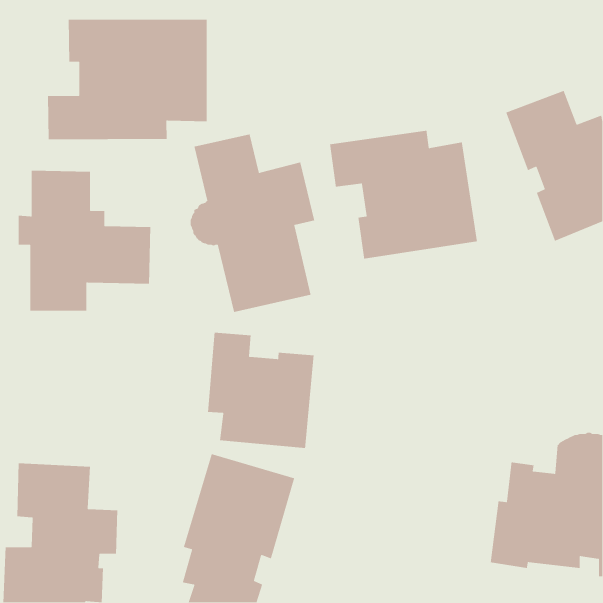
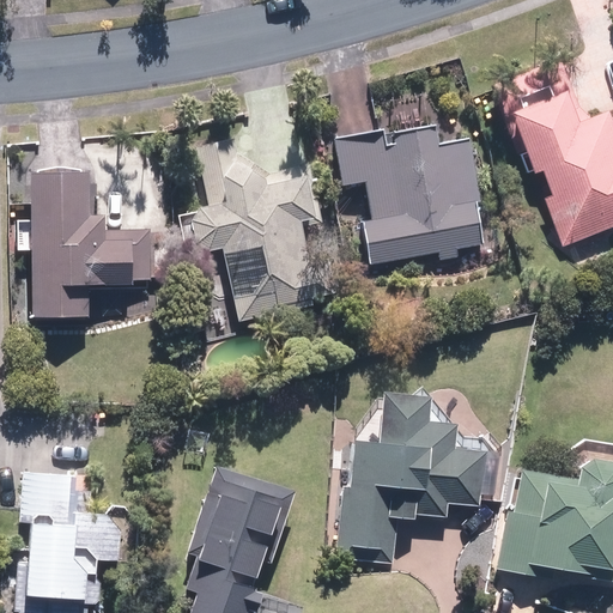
building: [47,19,208,140] -> none
building: [207,332,315,449] -> none
building: none -> [333,392,485,563]

